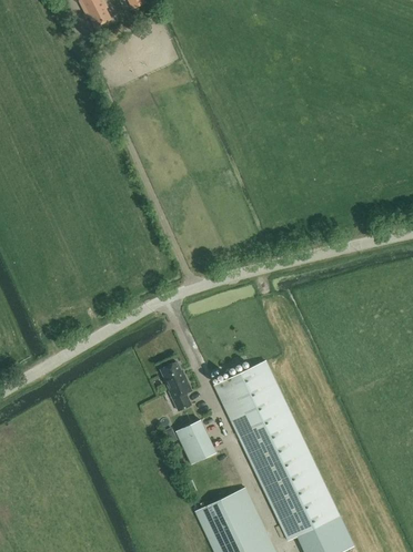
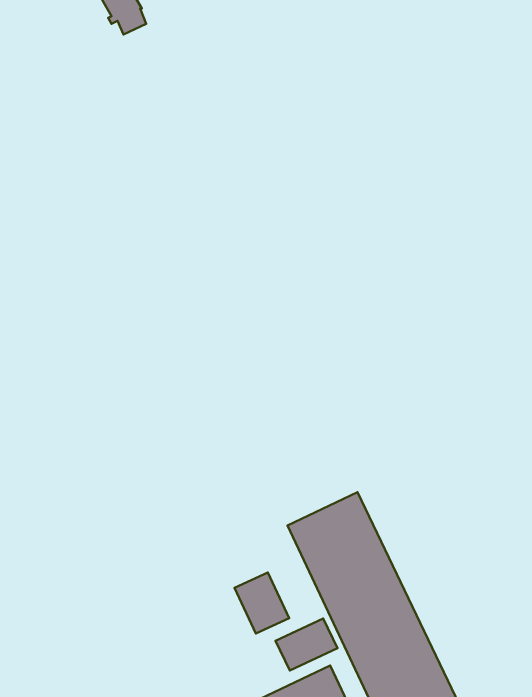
building: [160,361,191,410] -> none
building: none -> [275,618,337,670]

